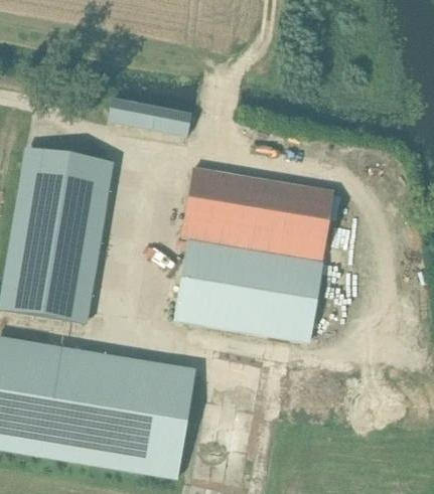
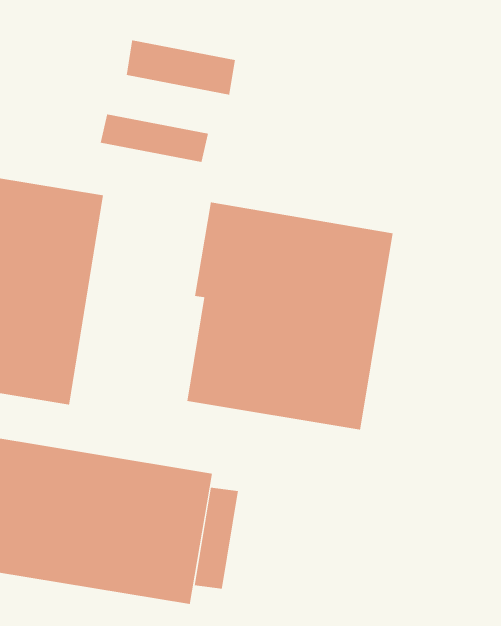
building: none -> [126,39,236,95]
building: none -> [194,487,239,589]

